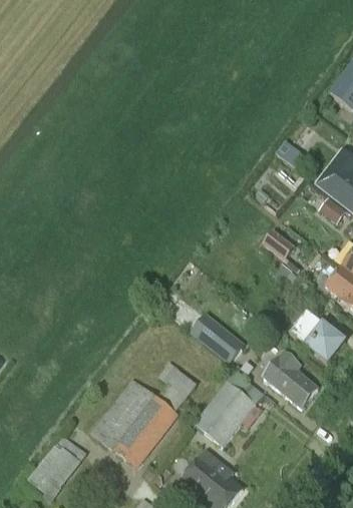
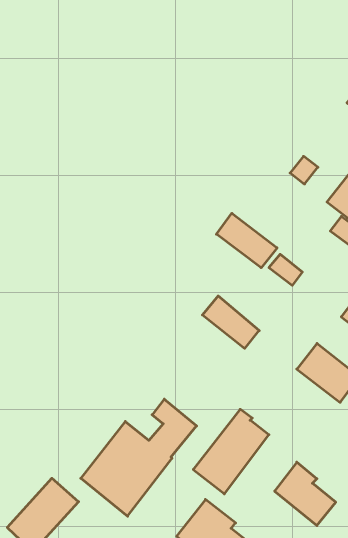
building: none -> [216,213,277,268]
building: [192,314,243,361] -> [202,296,259,348]
building: [263,351,318,408] -> [275,462,336,526]

